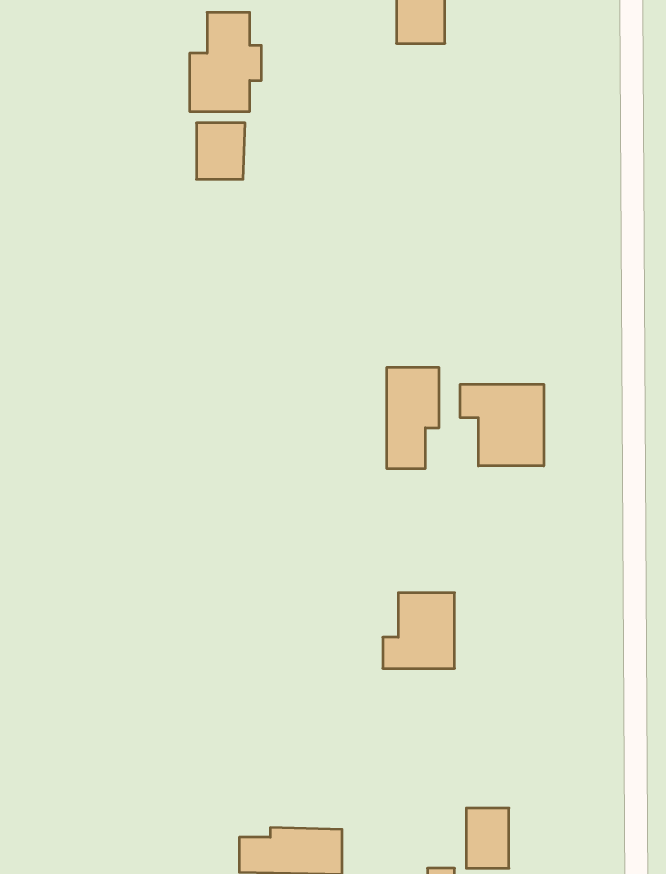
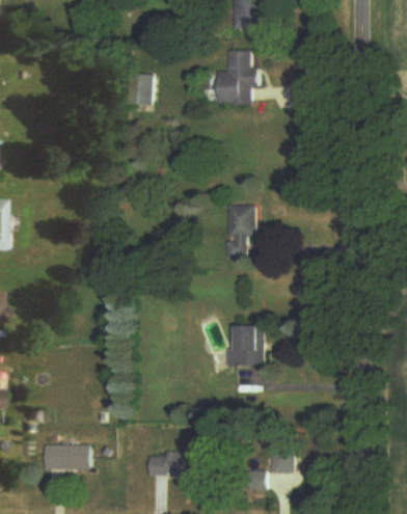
building: [190,12,261,111] -> [220,50,259,103]
building: [460,384,544,466] -> none
building: none -> [45,444,92,469]

